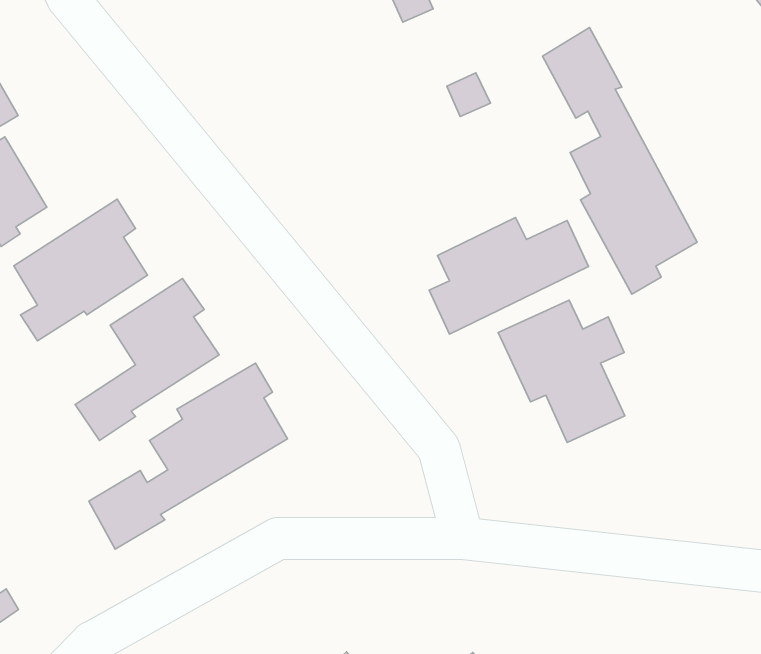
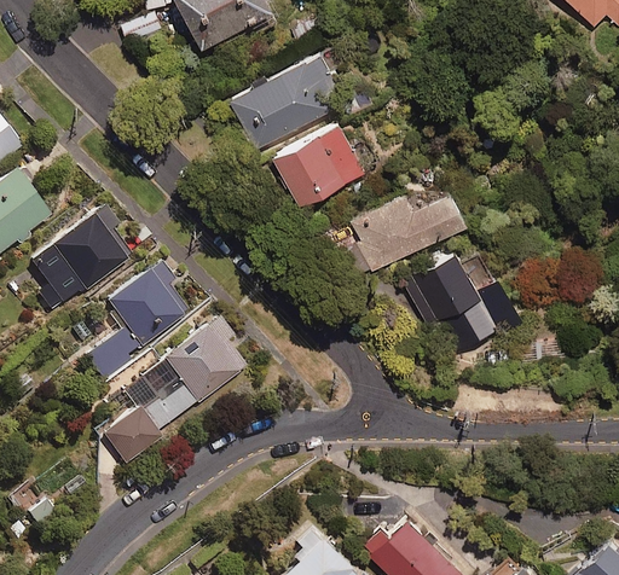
building: none -> [227,51,343,150]
building: [543,27,697,294] -> none
building: none -> [272,121,364,208]

